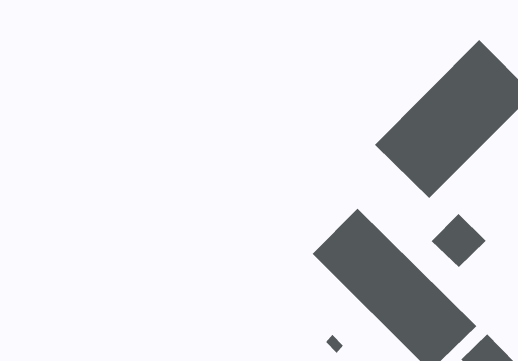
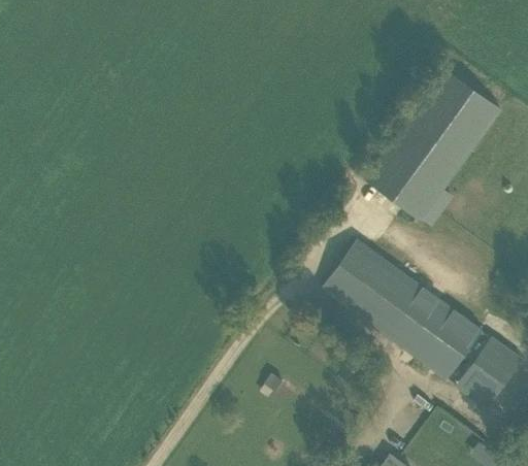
building: [431,213,487,268] -> none

